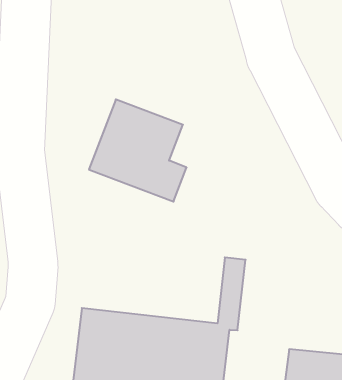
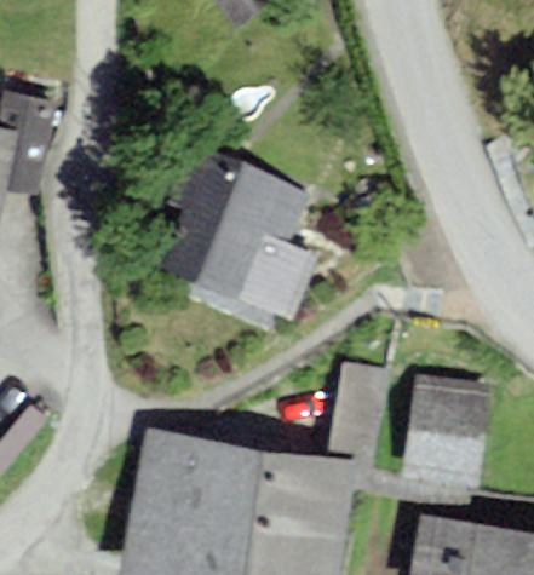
building: none -> [406,384,477,477]

